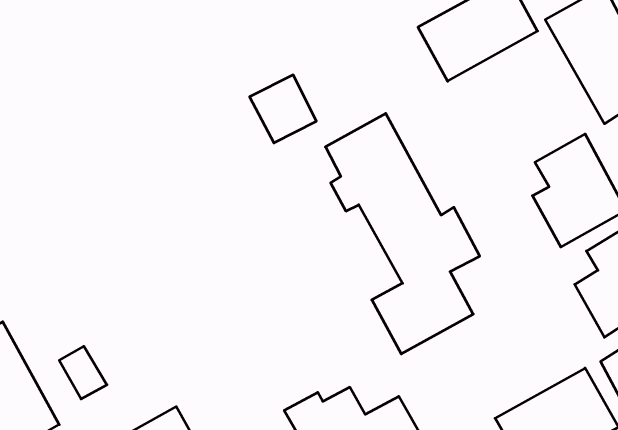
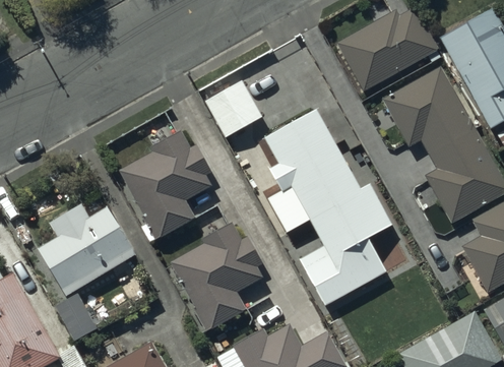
building: none -> [385,70,472,151]
building: none -> [122,135,206,238]
building: none -> [42,207,132,293]
building: none -> [174,226,258,328]

